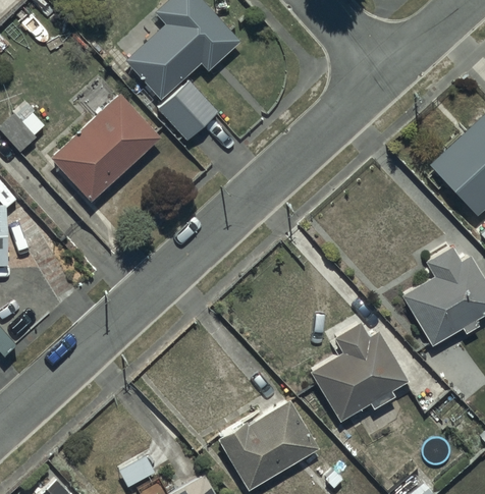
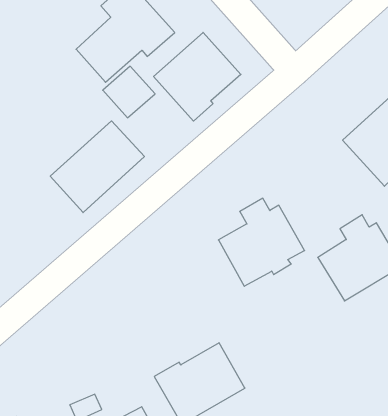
building: none -> [154,32,241,121]
building: [51,94,159,199] -> [50,121,144,213]
building: [314,326,413,427] -> [218,198,305,286]

